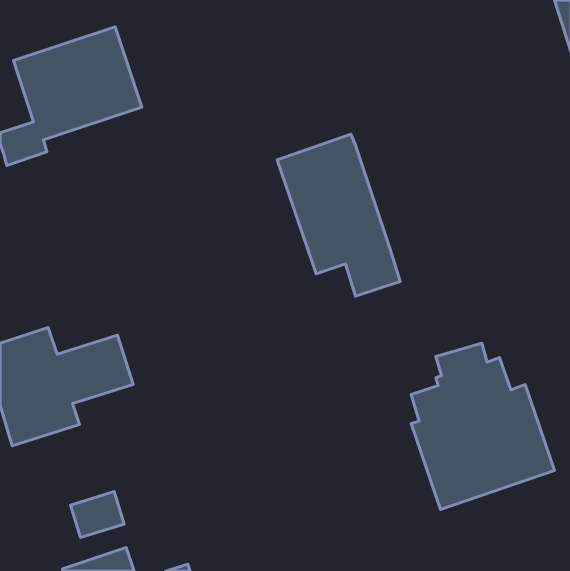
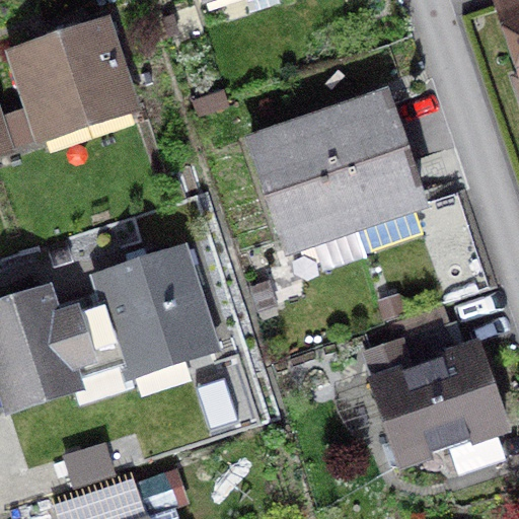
building: none -> [319,99,422,226]
building: none -> [99,252,210,367]

